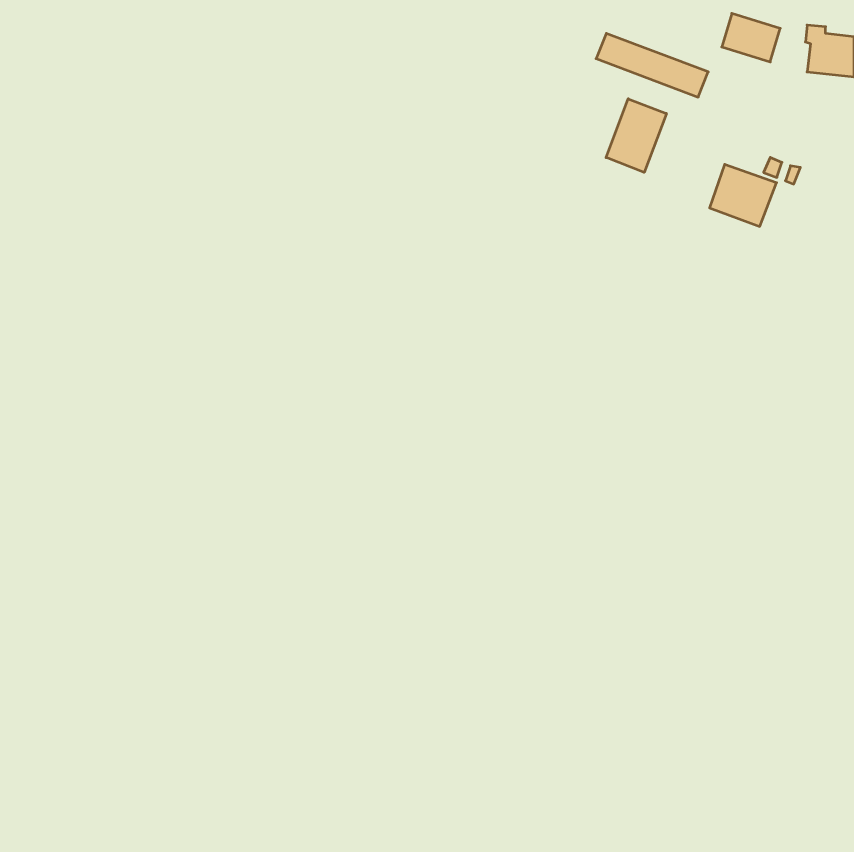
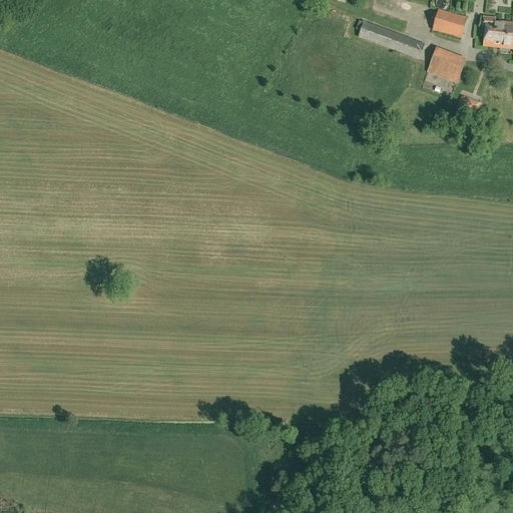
building: [606,99,666,172] -> none
building: [710,164,777,226] -> [426,45,466,82]

